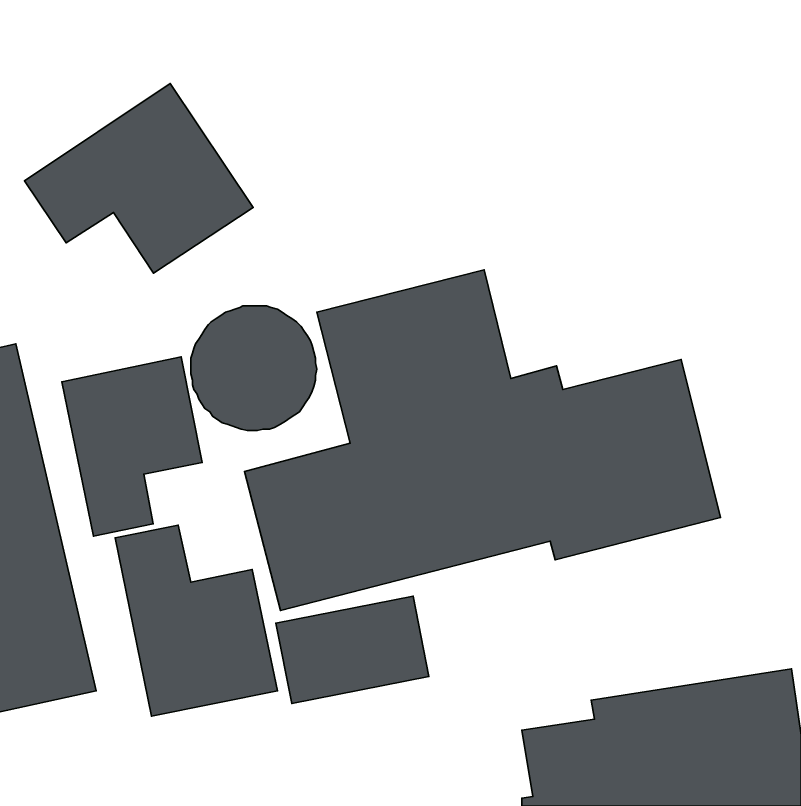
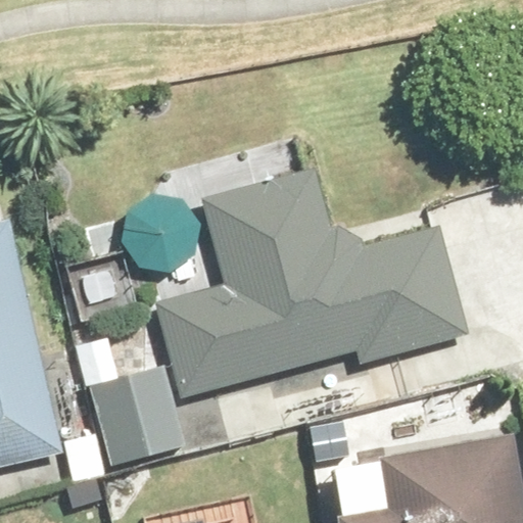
building: [25,84,253,273] -> none
building: [62,357,202,536] -> none

